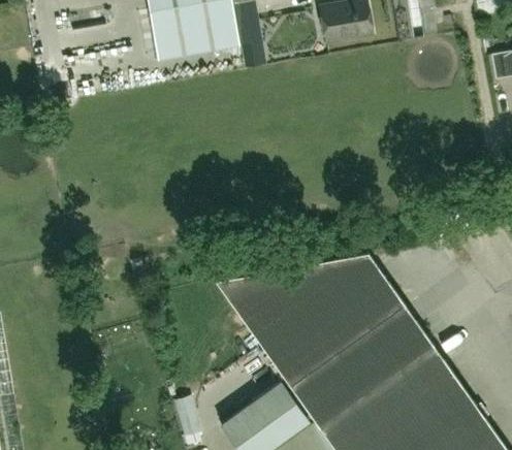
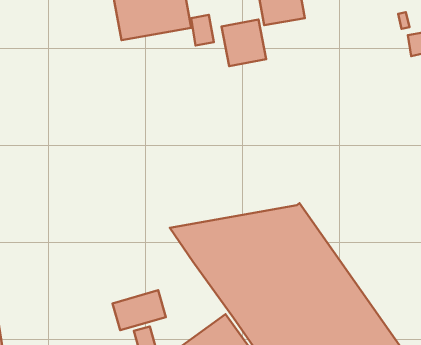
building: none -> [221,19,266,66]
building: none -> [112,290,166,330]

